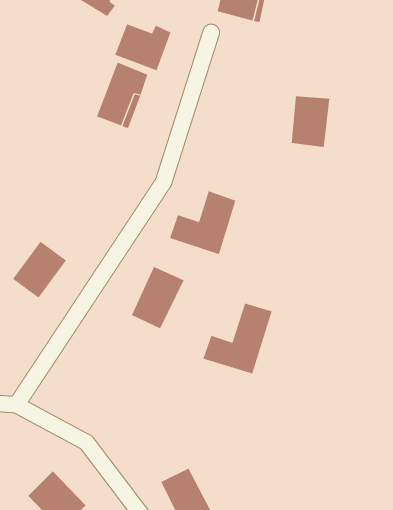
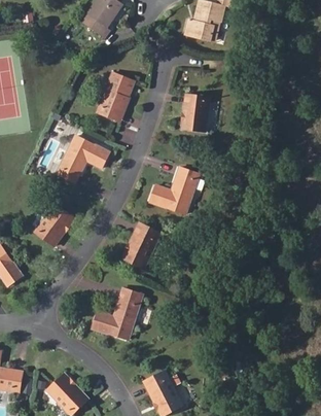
building: [115,23,171,71] -> none
building: [291,96,330,148] -> [181,94,210,132]
building: none -> [56,135,109,183]
building: [203,303,273,374] -> [91,287,142,340]

